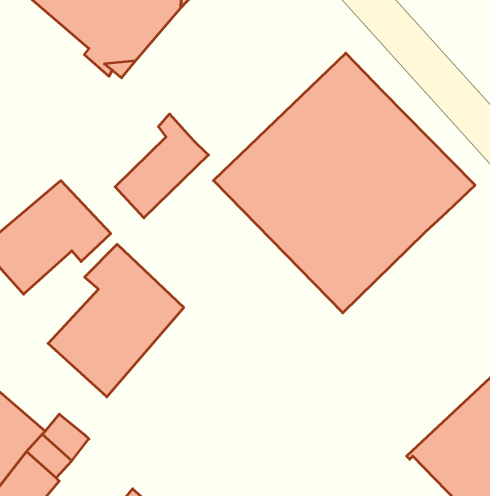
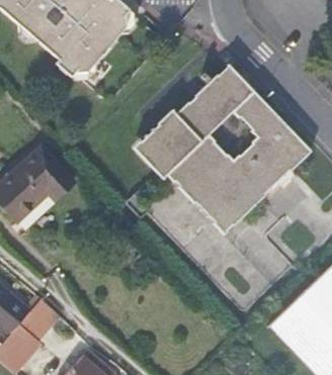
building: [115,114,209,218] -> none
building: [48,244,184,397] -> none

